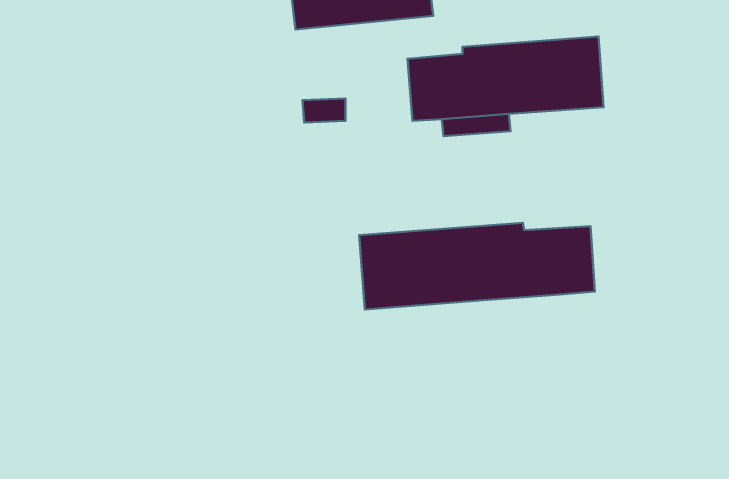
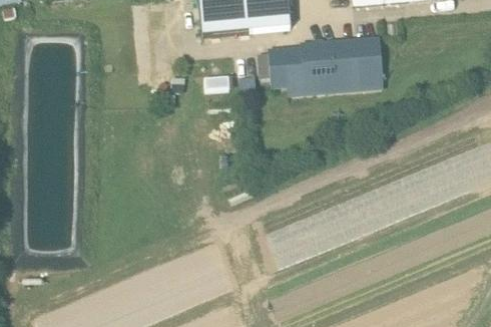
building: [359,223,595,310] -> none

